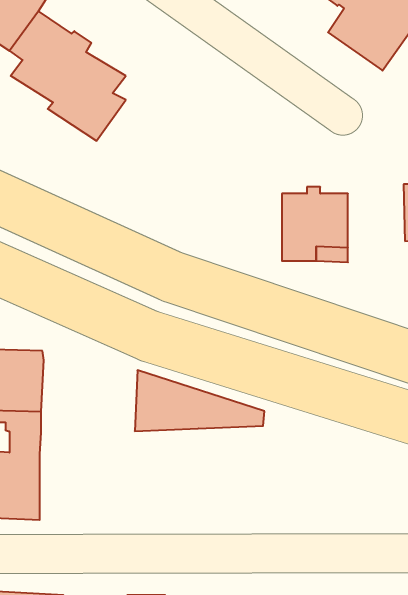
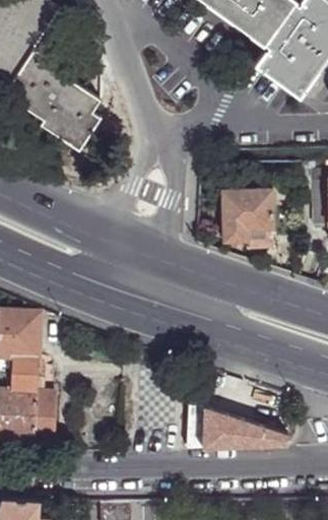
building: [135,370,264,431] -> [188,402,287,449]
building: none -> [36,390,56,442]

